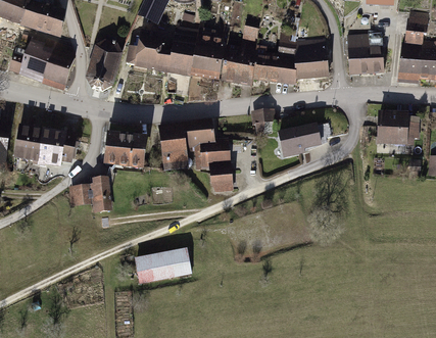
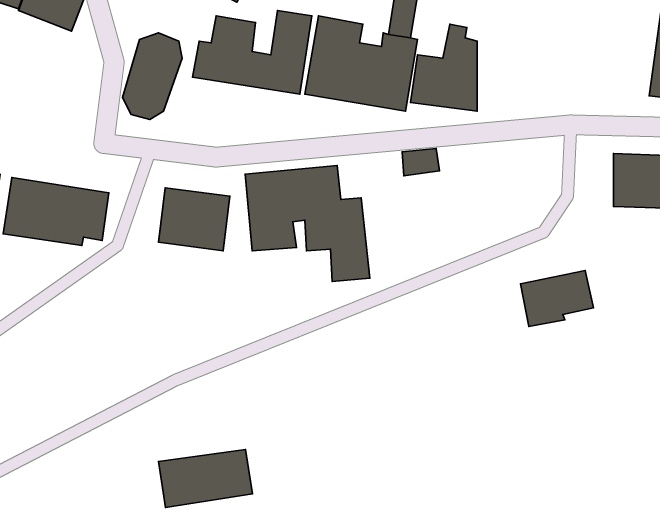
building: [18,33,77,91] -> none
building: [346,33,385,78] -> none
building: [296,37,330,80] -> none
building: [277,124,321,157] -> [520,270,594,327]
building: [68,177,110,212] -> none
building: [133,250,189,285] -> [159,450,252,507]

